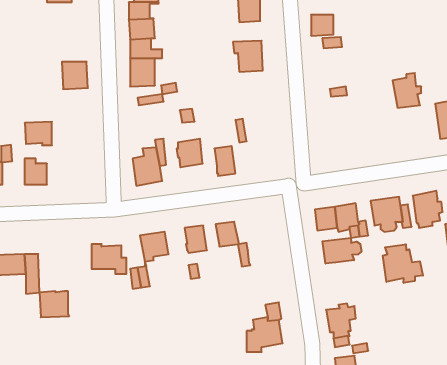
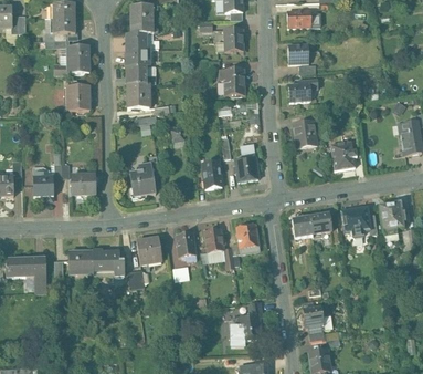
building: none -> [55,46,88,73]
building: none -> [288,80,317,101]
building: [393,73,421,108] -> [330,138,356,169]
building: none -> [293,120,316,146]
building: [25,122,52,145] -> [71,174,95,195]
building: [177,139,203,167] -> [234,156,257,181]
building: none -> [235,224,258,253]
building: [322,238,361,264] -> none
building: [383,244,423,283] -> none
building: [40,291,69,317] -> [67,251,94,274]

